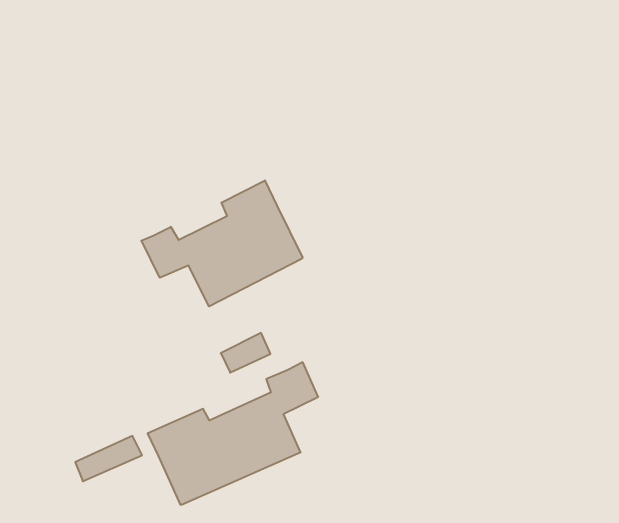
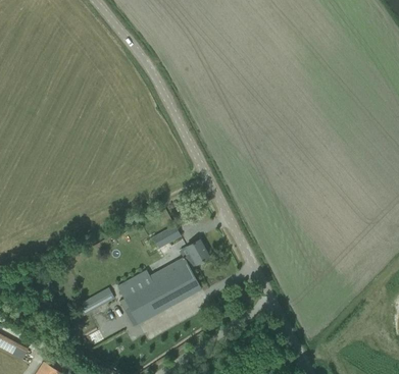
building: [141,180,302,306] -> none

